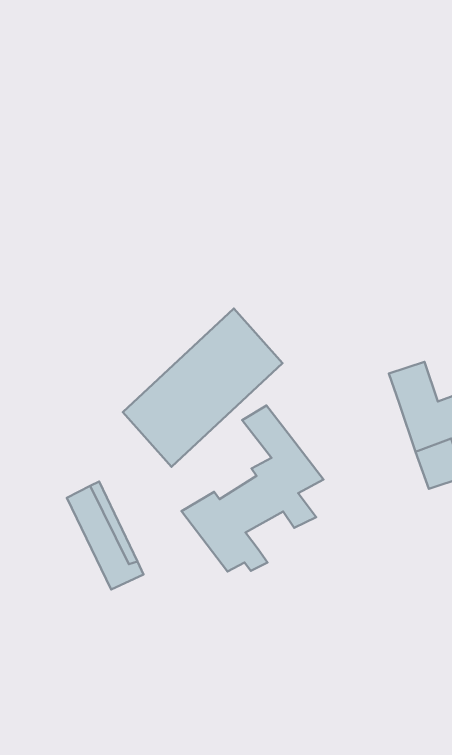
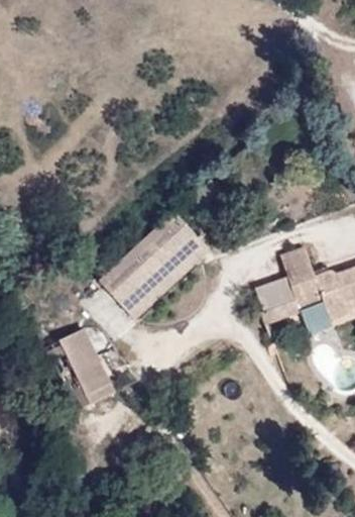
building: none -> [254,276,298,320]
building: [181,405,324,571] -> none

